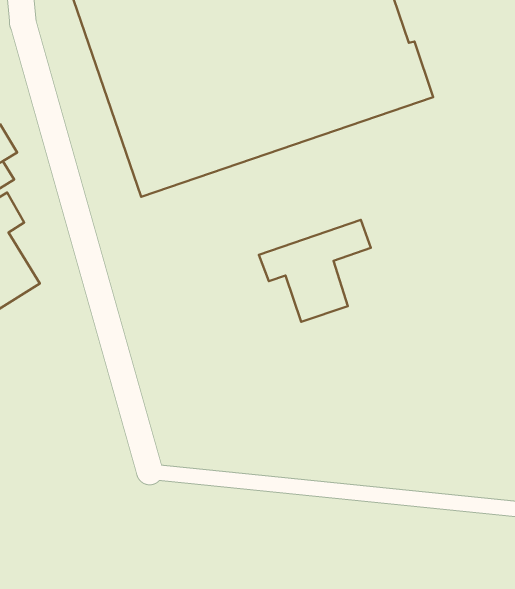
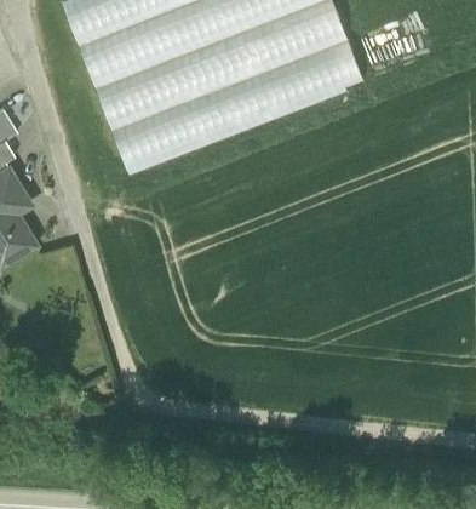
building: [259,220,371,322] -> none

